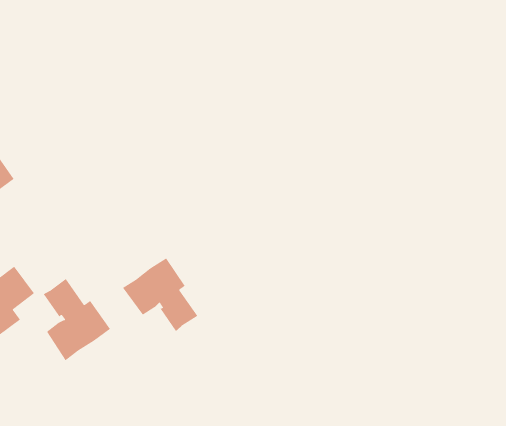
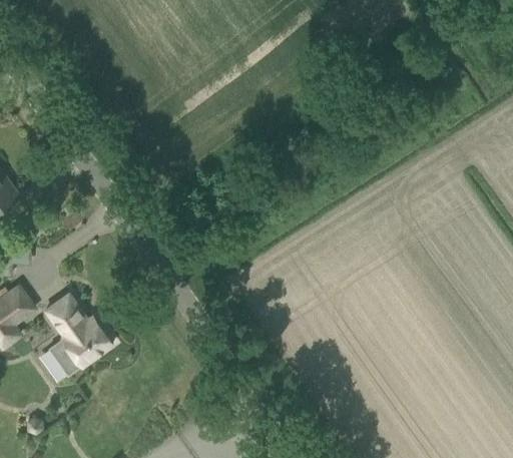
building: [122,257,198,332] -> none

